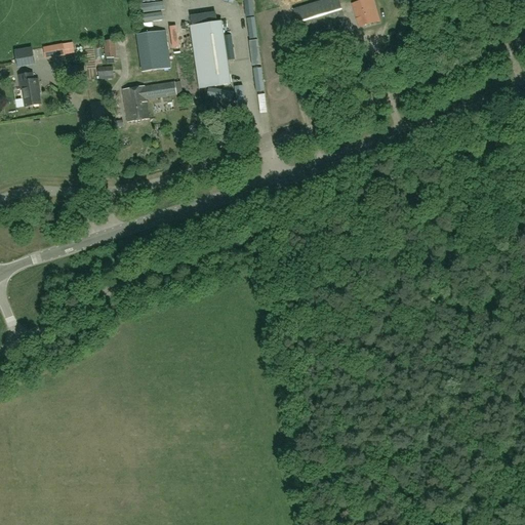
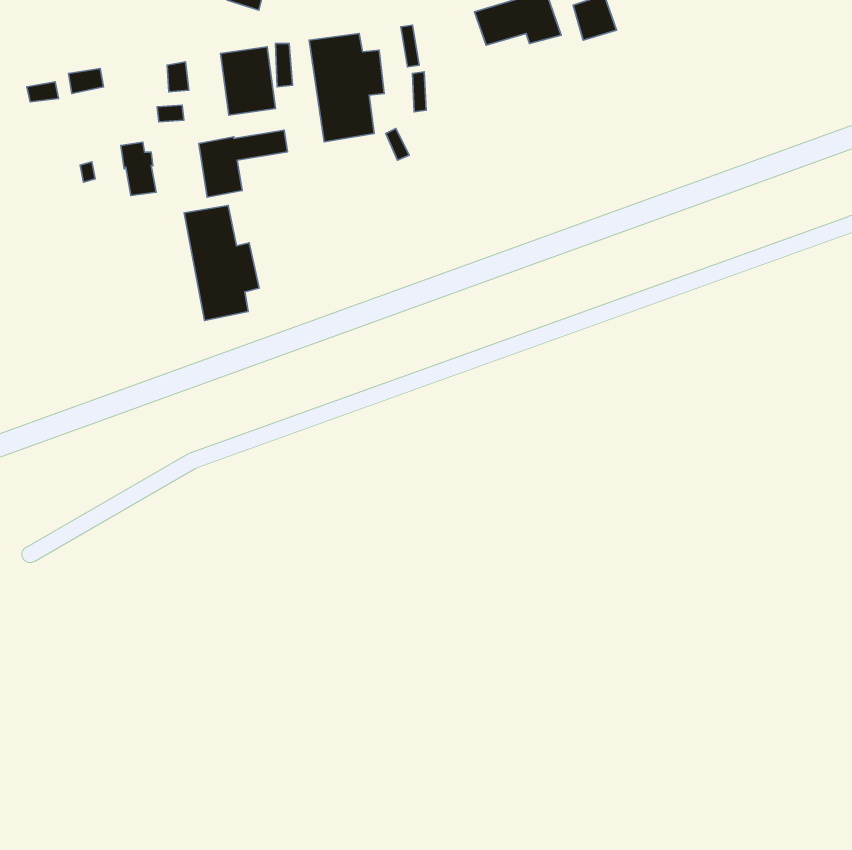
building: [18,72,40,105] -> [121,142,156,195]
building: none -> [184,205,259,320]

